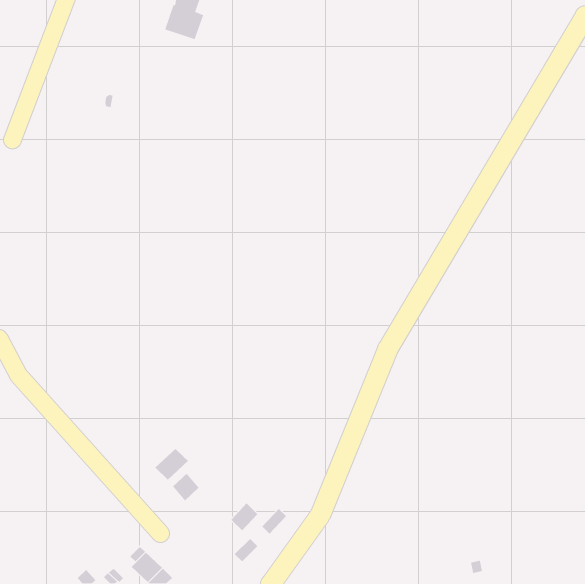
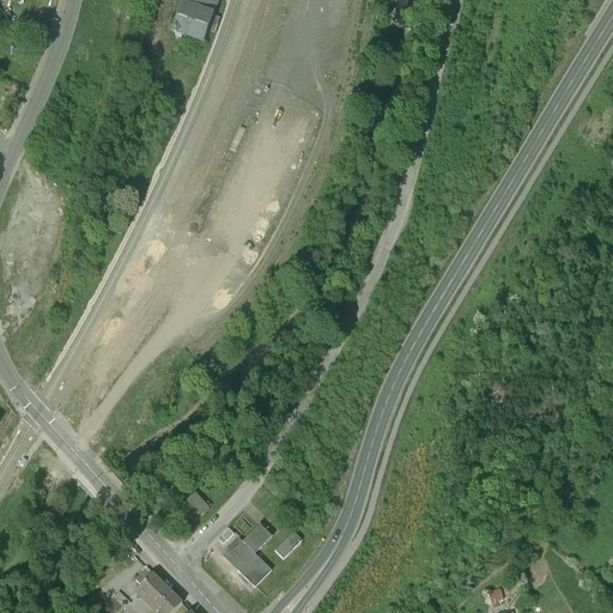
building: [155,448,189,480] -> none
building: none -> [221,539,261,578]

